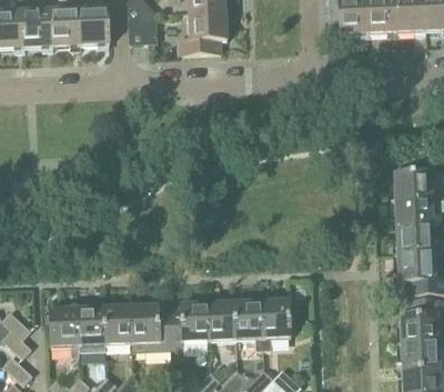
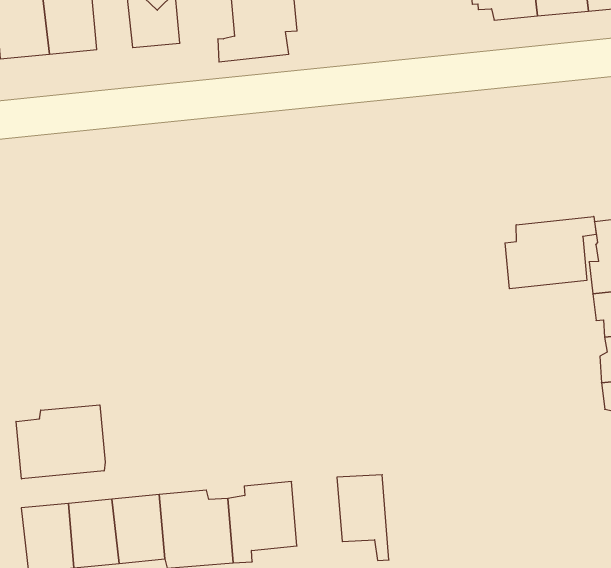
building: none -> [505,216,596,289]
building: none -> [16,405,105,479]
building: [262,300,292,351] -> none
building: [209,301,236,340] -> none

